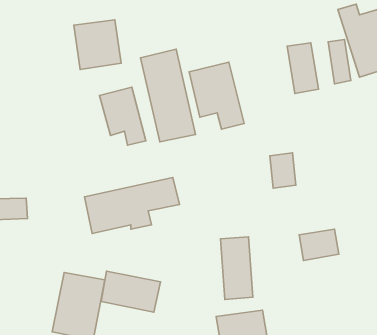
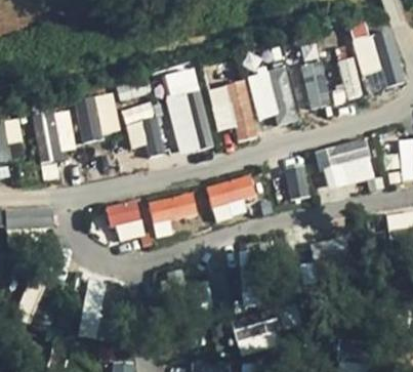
building: [74,20,121,70] -> [74,93,119,140]
building: none -> [248,67,295,125]
building: none -> [32,109,76,159]
building: none -> [316,138,375,189]
building: none -> [206,174,259,217]
building: [101,271,160,312] -> none

